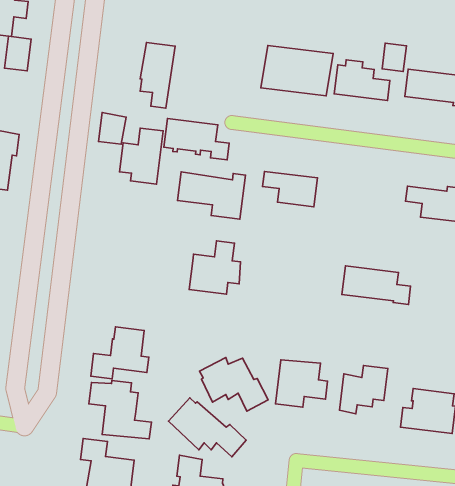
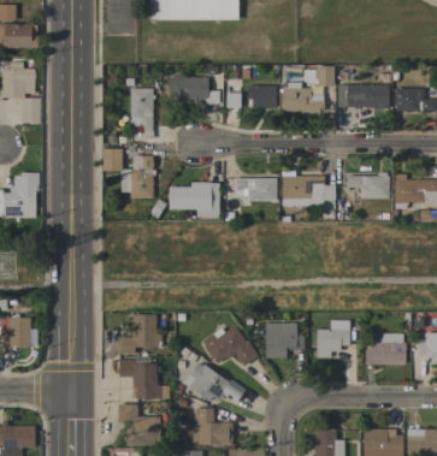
building: [164,118,229,160] -> [169,77,219,103]
building: [189,241,240,294] -> none
building: [342,266,411,304] -> [283,176,336,200]

